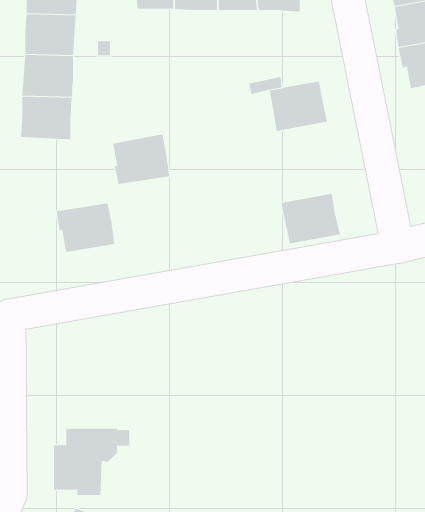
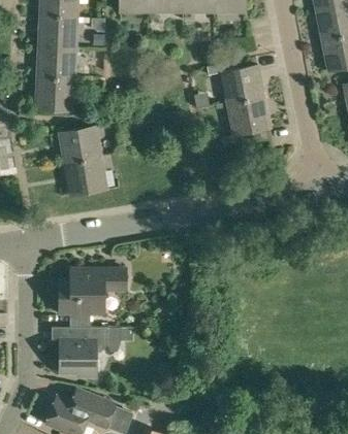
building: [112,134,170,185] -> [58,127,101,165]
building: [280,193,341,244] -> [227,98,273,136]
building: none -> [60,270,126,313]

